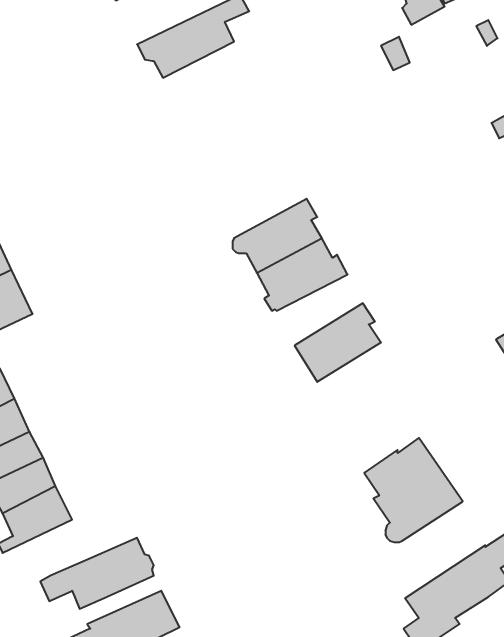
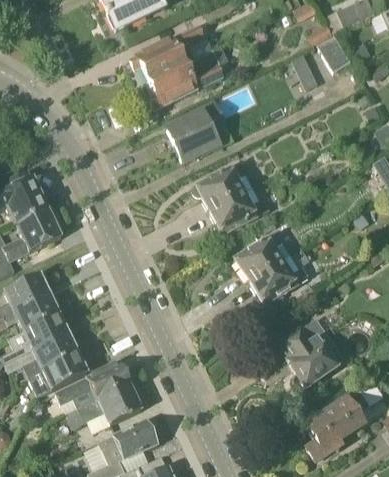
building: none -> [318,36,350,71]
building: none -> [147,45,229,109]
building: none -> [167,106,224,161]
building: none -> [249,256,310,306]
building: none -> [54,362,130,410]

